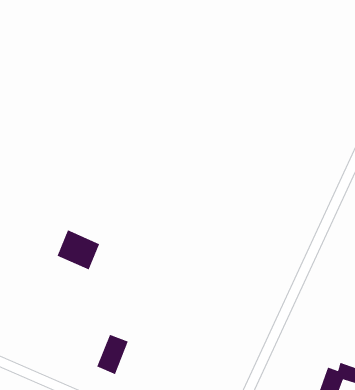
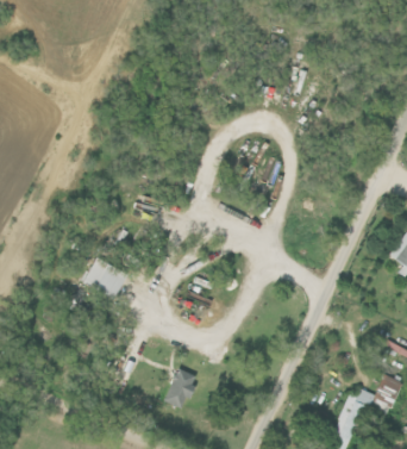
building: [96,334,129,375] -> [163,369,195,410]

